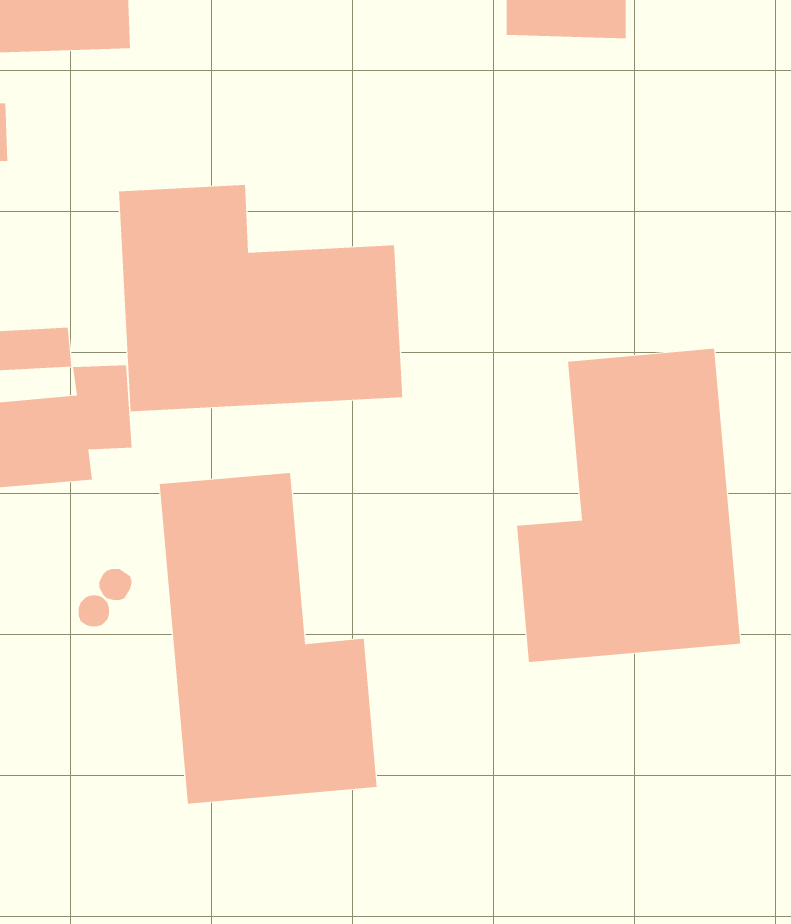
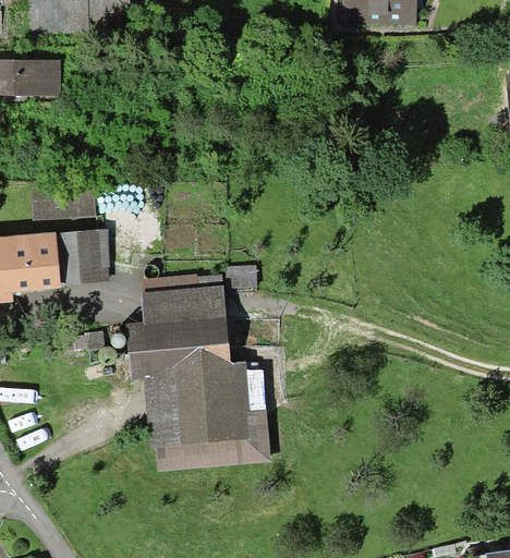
building: [119,184,403,412] -> none
building: [516,348,741,663] -> none

